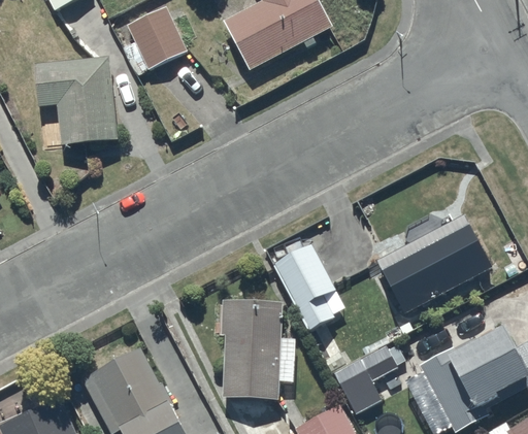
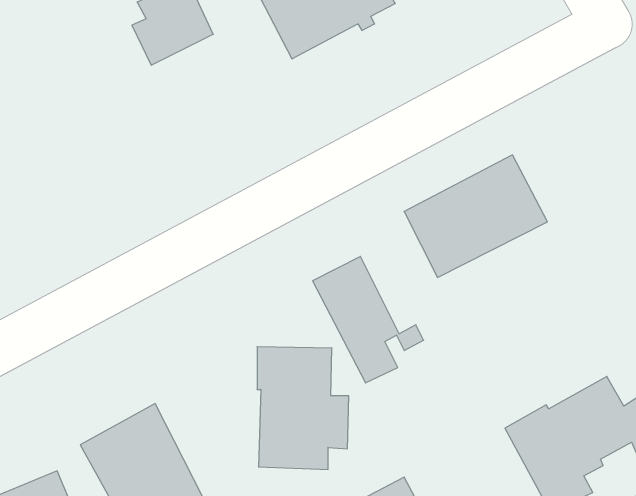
building: [34,57,118,145] -> none
building: [377,214,492,312] -> [404,155,547,277]
building: [322,345,399,413] -> none

